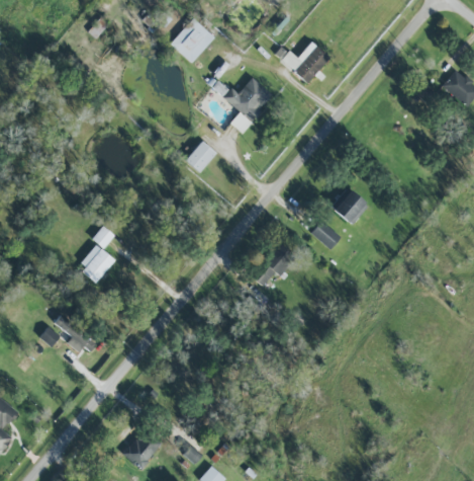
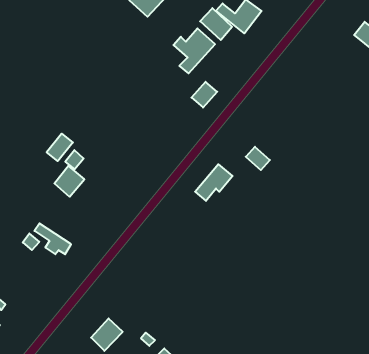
building: none -> [200,8,232,40]
building: [184,142,215,173] -> [191,82,217,108]
building: [329,188,367,226] -> none
building: none -> [47,134,73,161]

